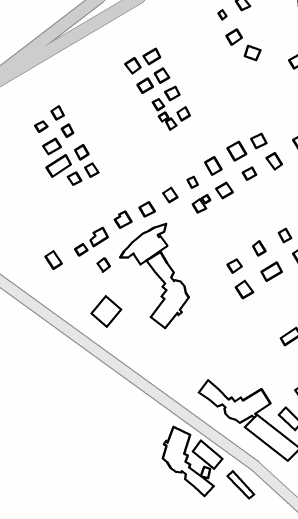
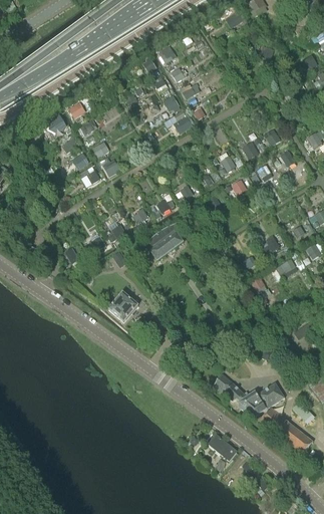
building: [147,252,189,328] -> none
building: [163,427,214,496] -> none

